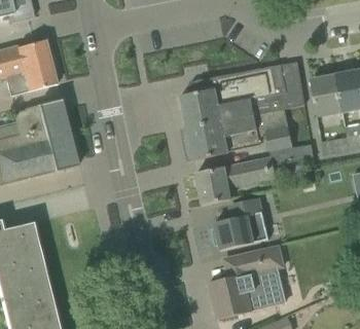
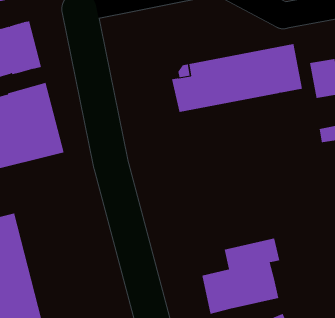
building: [187,108,291,159] -> none
building: [195,156,277,205] -> none
building: [212,197,268,250] -> none

